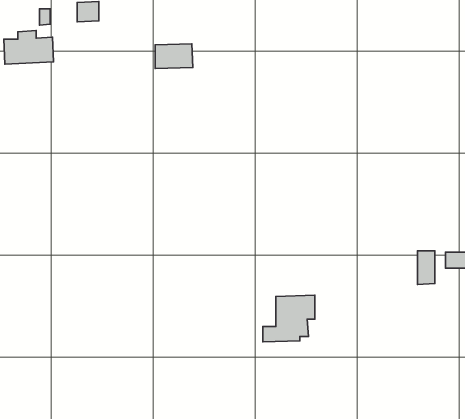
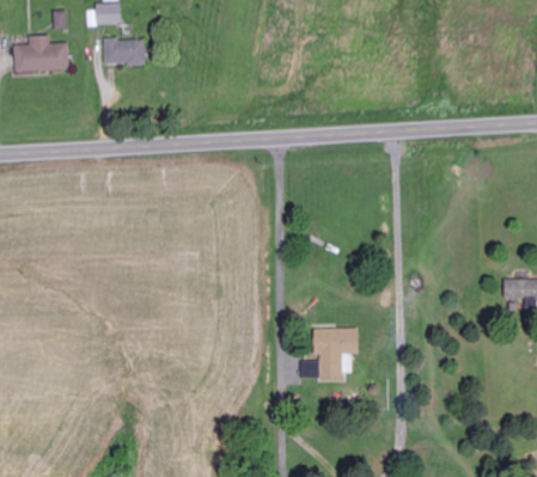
building: [155,44,193,69] -> [103,38,145,66]
building: [417,251,435,285] -> none

